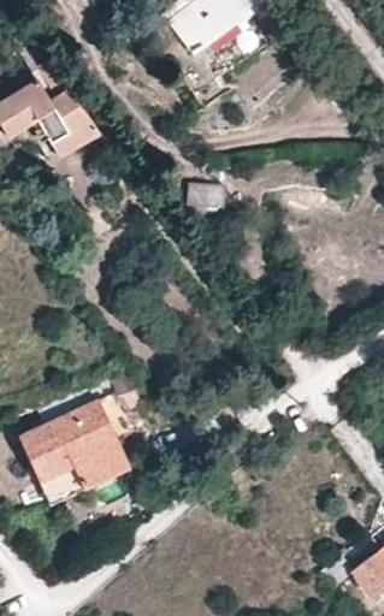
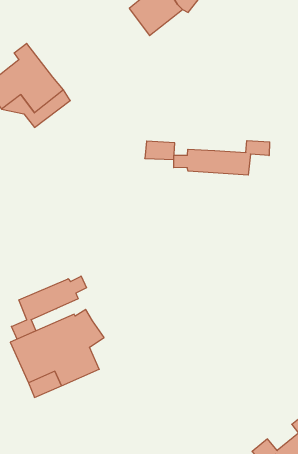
building: none -> [174,141,270,175]
building: none -> [11,276,87,339]

